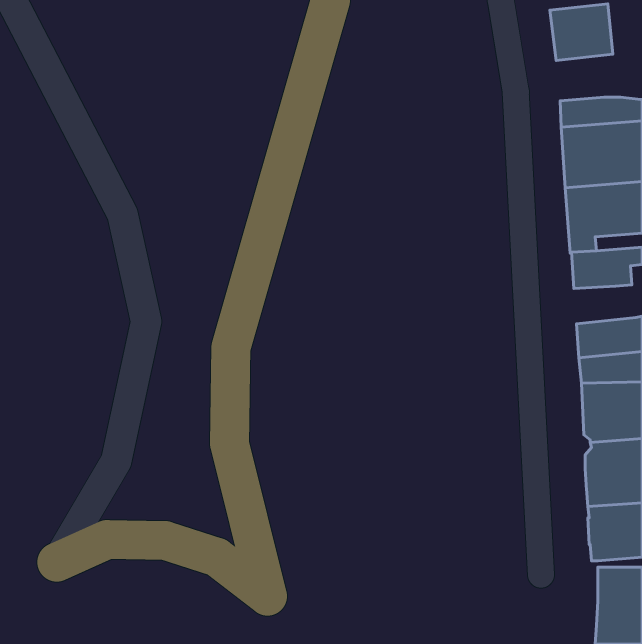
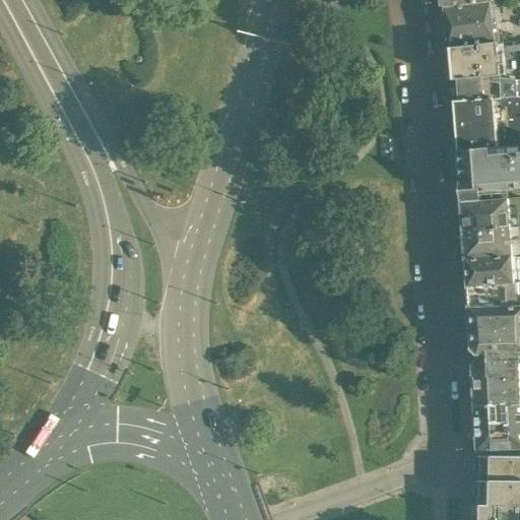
building: none -> [448,44,503,81]
building: none -> [462,230,512,261]

